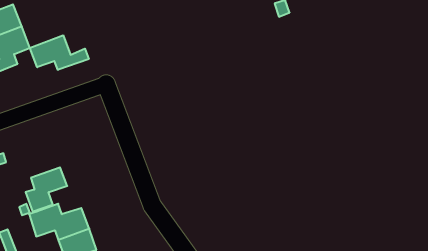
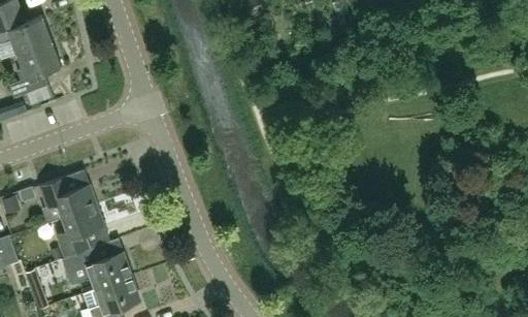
building: [30,35,89,70] -> none
building: none -> [40,177,97,222]

